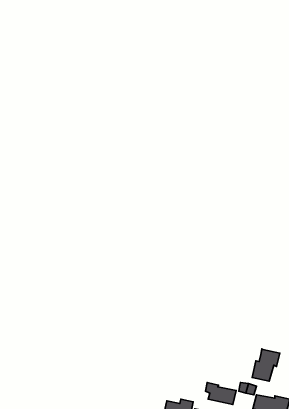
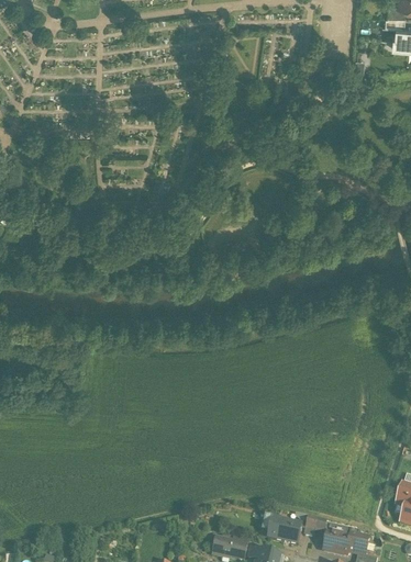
building: [252,349,280,381] -> none

